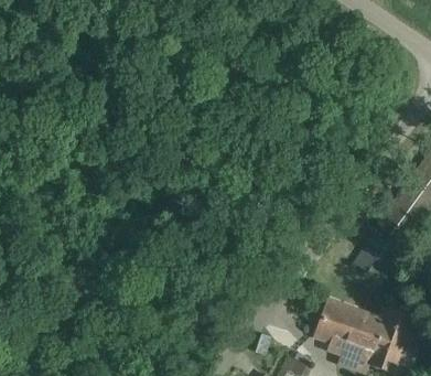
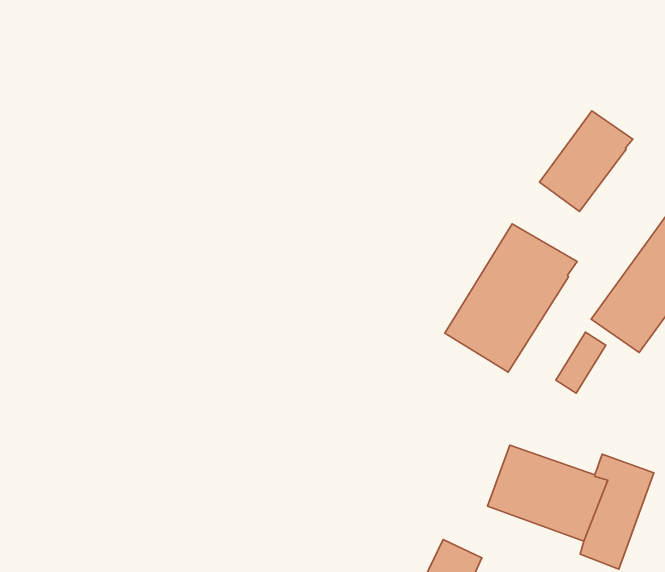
building: none -> [540,111,633,211]
building: none -> [445,224,577,372]

